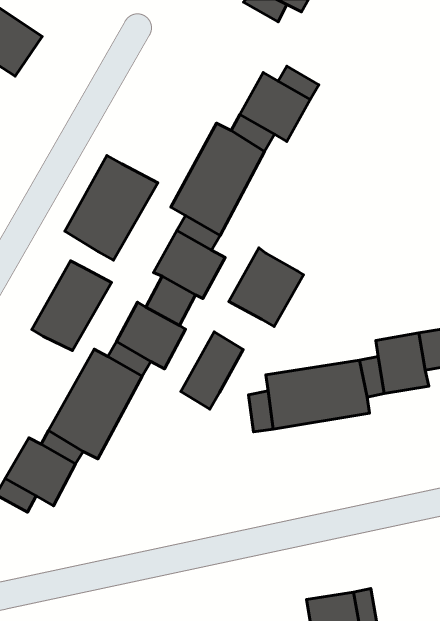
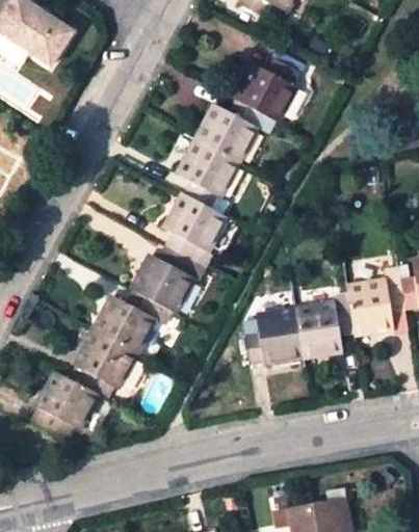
building: [65,156,158,260] -> none
building: [229,248,304,327] -> none
building: [32,261,112,350] -> none
building: [181,332,243,409] -> none

